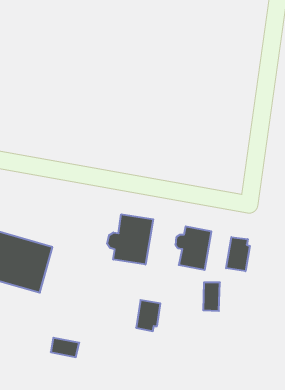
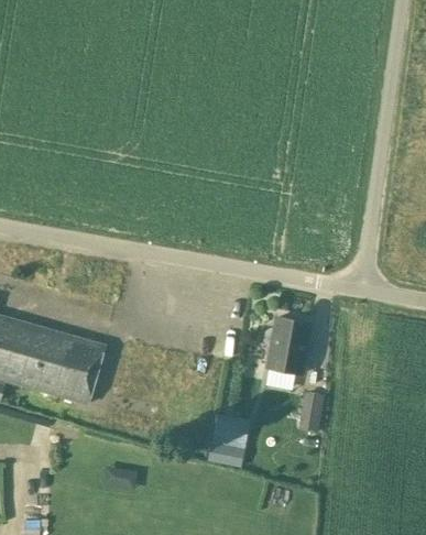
building: [107,214,153,265] -> none
building: [226,237,250,271] -> none

